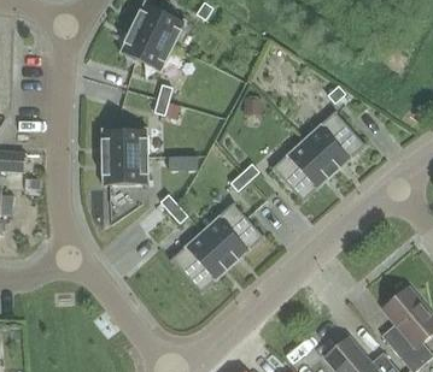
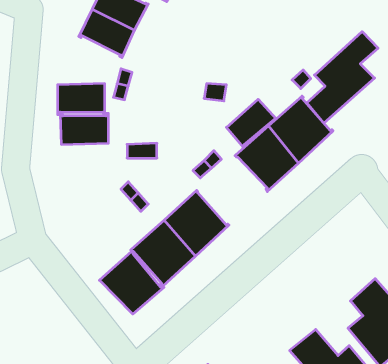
building: none -> [307,32,378,123]
building: none -> [226,99,276,147]
building: [101,155,147,185] -> [58,84,105,115]
building: none -> [99,251,164,314]

